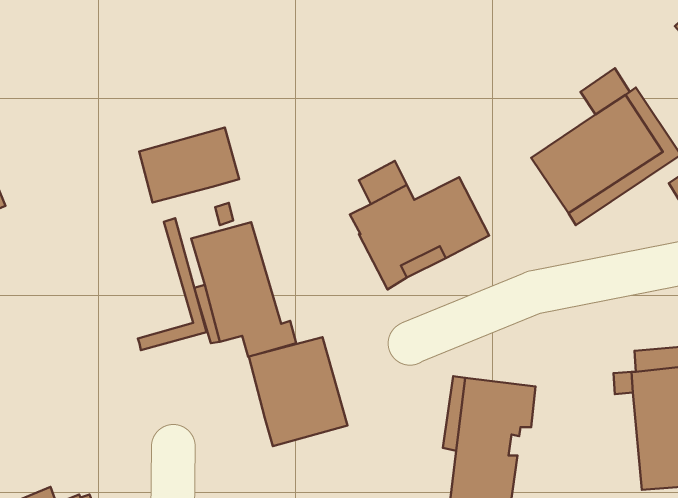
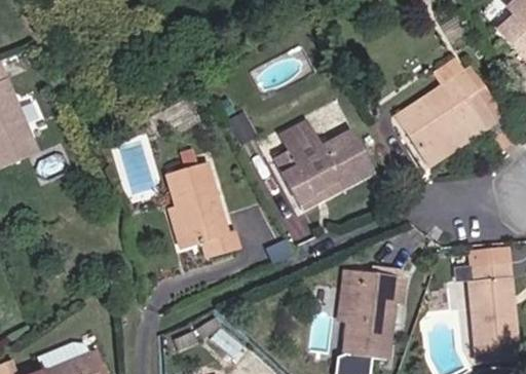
building: [139,128,239,203] -> none
building: [138,218,206,350] -> none
building: [249,337,348,446] -> none

